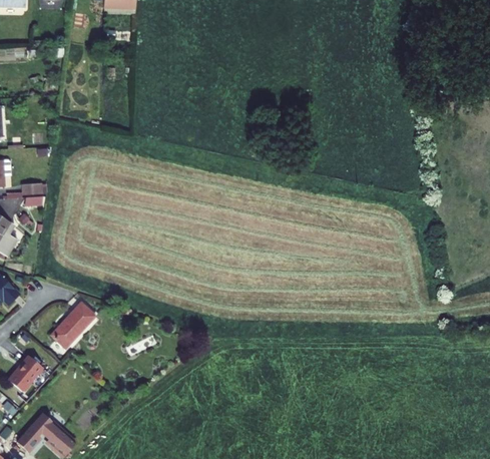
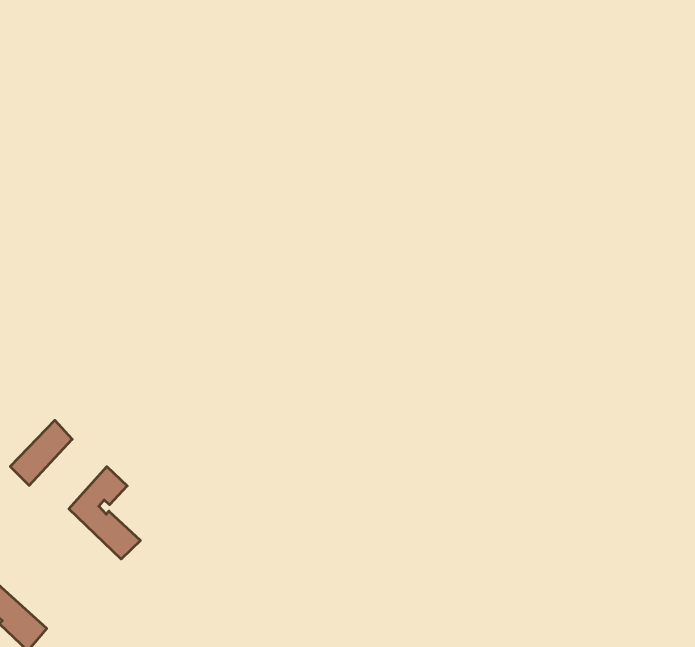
building: none -> [69,467,140,559]

